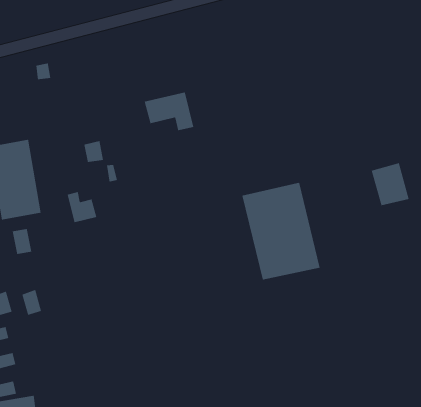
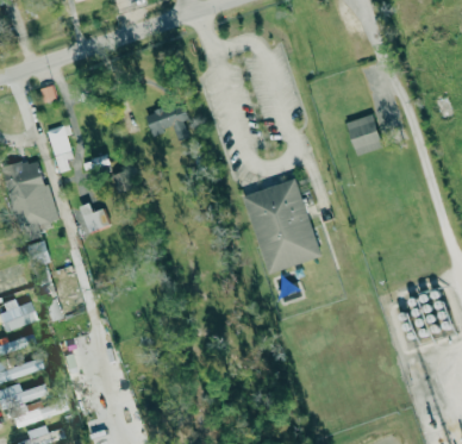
building: none -> [48,126,73,174]
building: [371,163,409,206] -> [345,114,383,156]

